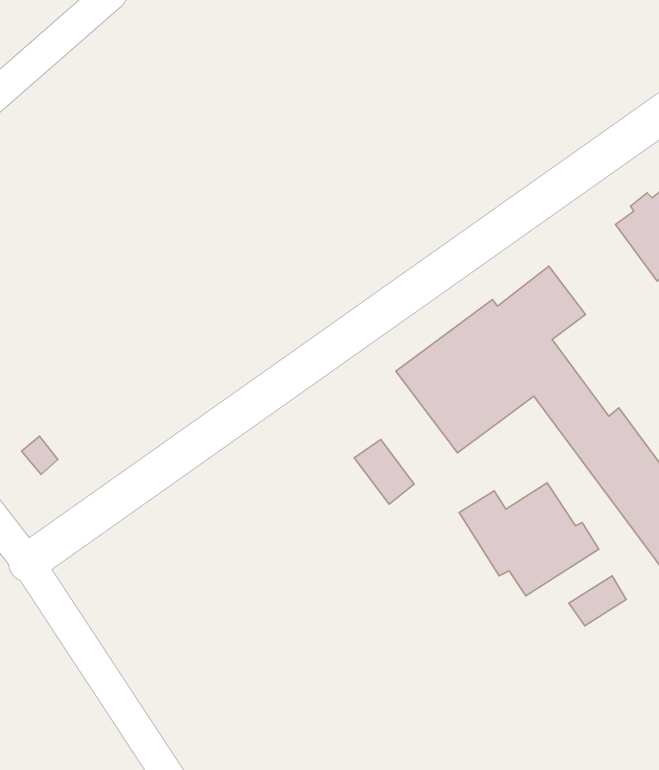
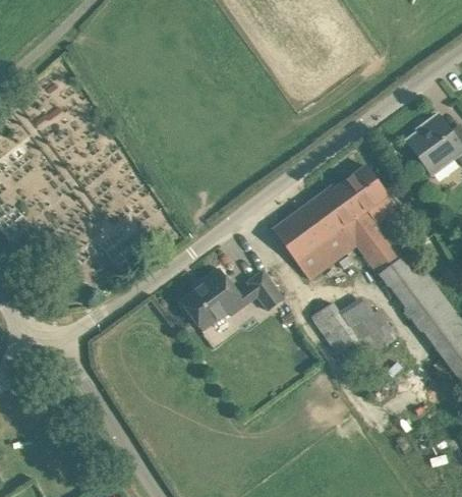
building: none -> [181,268,243,325]
building: [569,576,626,626] -> none

